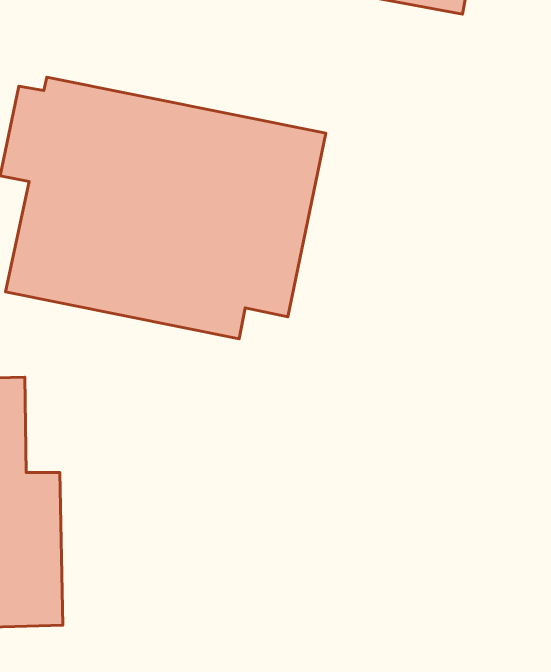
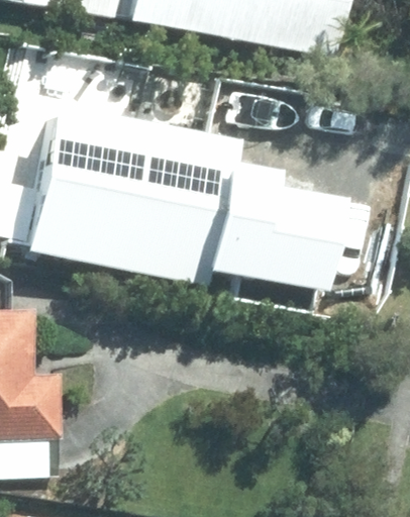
building: none -> [224,217,325,313]

